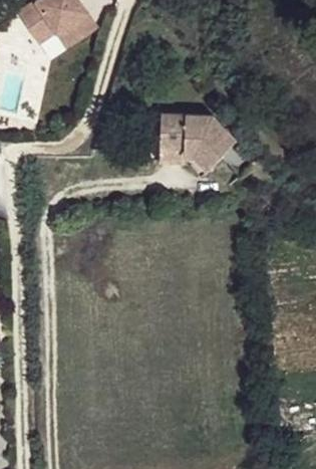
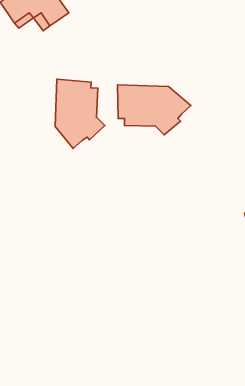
building: none -> [55,79,105,148]

